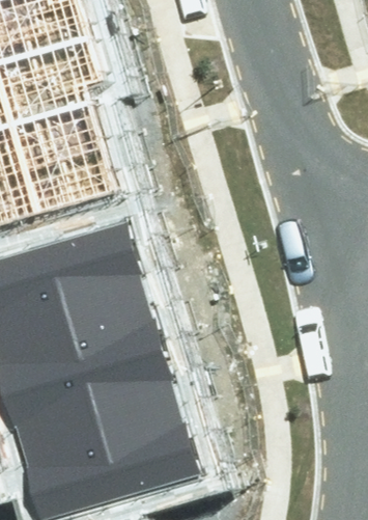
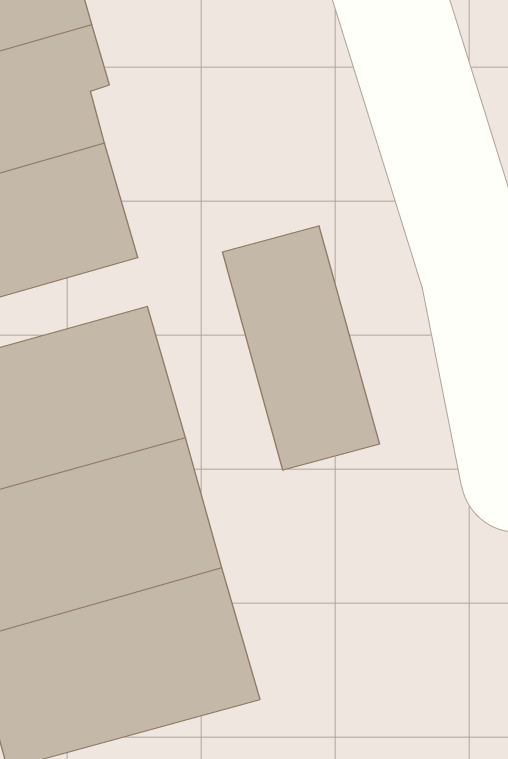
building: none -> [222,226,379,470]

